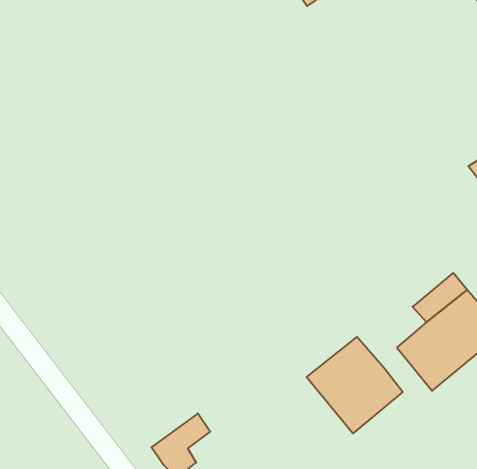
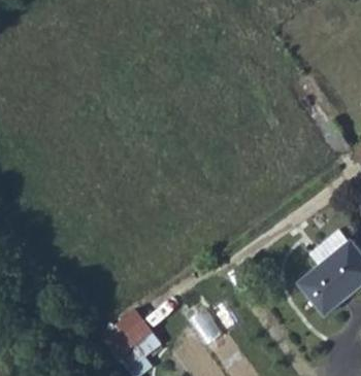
building: [307,337,403,433] -> none
building: none -> [103,309,154,356]

